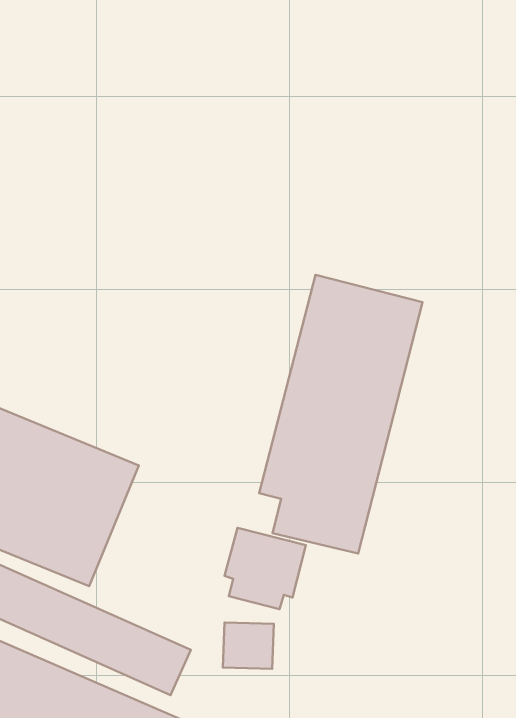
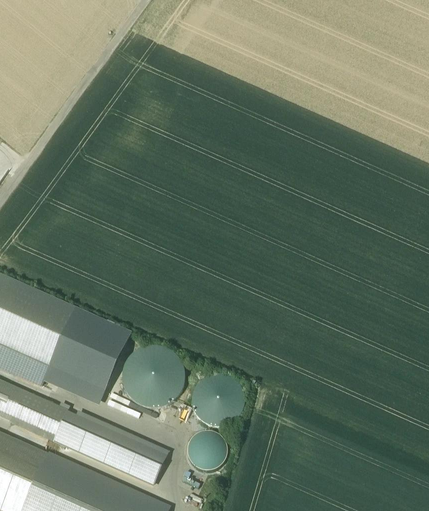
building: [259,275,422,554] -> none
building: none -> [118,341,185,408]

